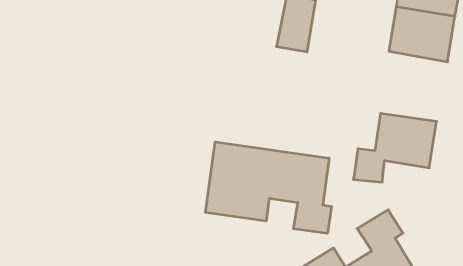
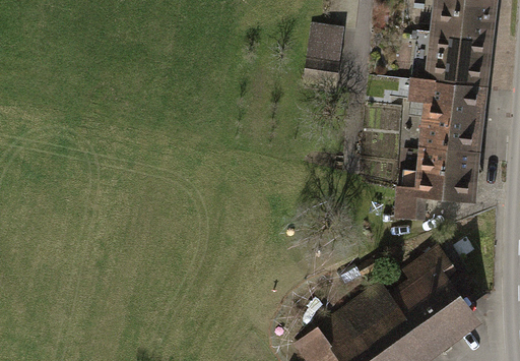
building: none -> [407,77,488,152]
building: [205,142,331,233] -> none

